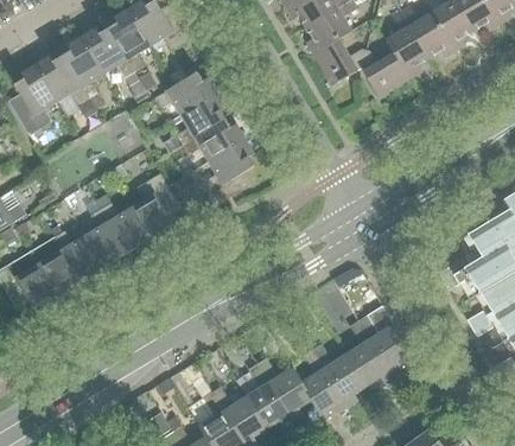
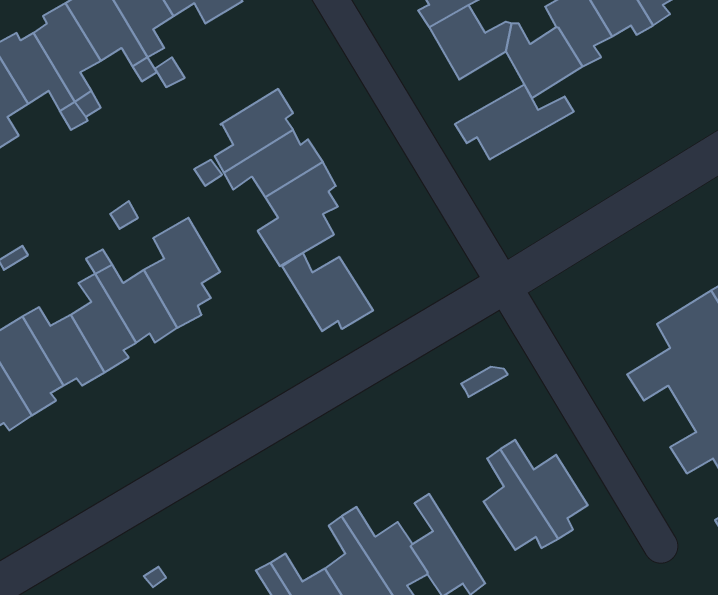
building: [153,71,216,114] -> none
building: none -> [455,85,574,160]
building: none -> [282,253,373,331]
building: [312,344,367,406] -> none

